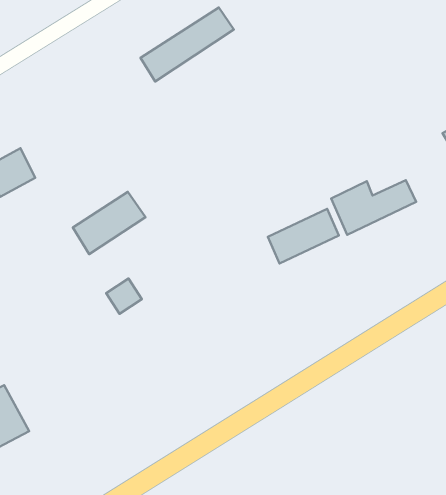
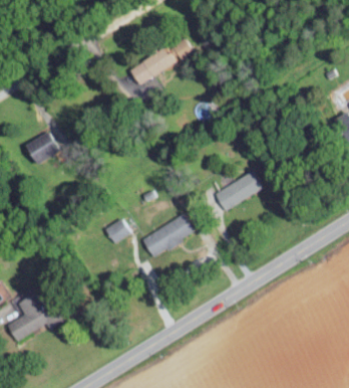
building: [331,180,416,235] -> none
building: [73,192,146,254] -> [142,215,192,257]

